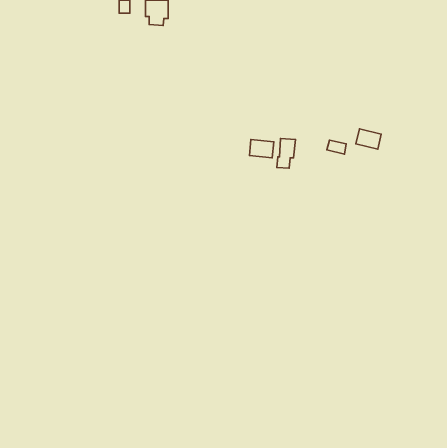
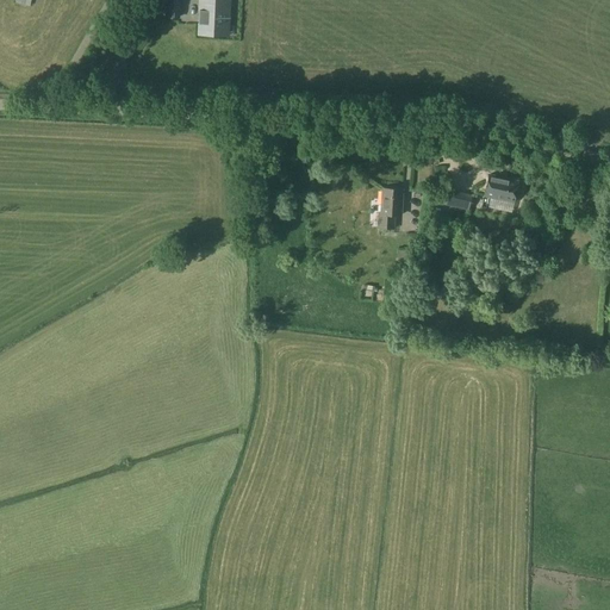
building: [249,140,274,158] -> none

